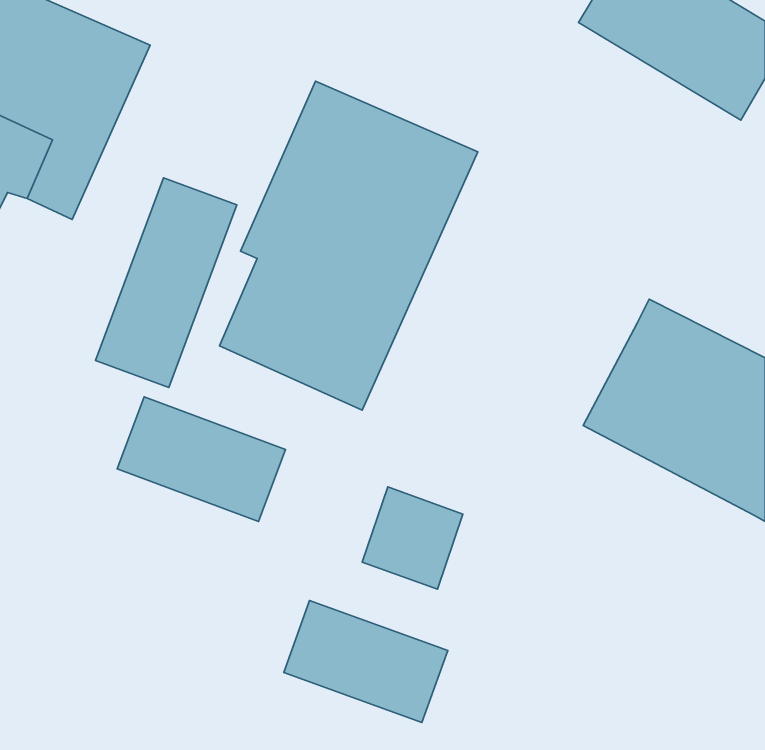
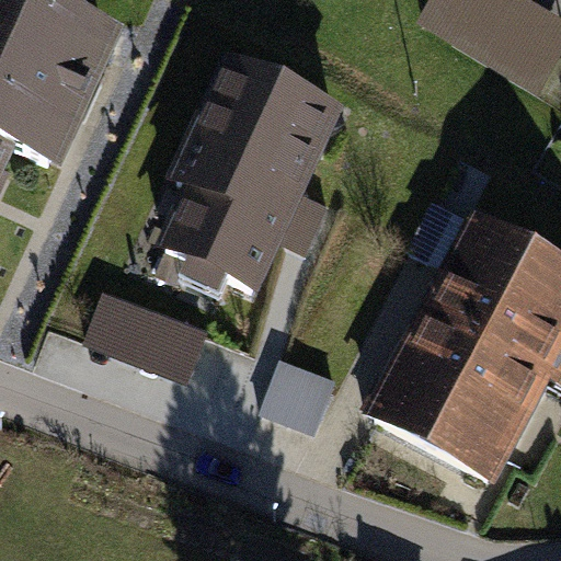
building: [96,178,237,388] -> none
building: none -> [367,310,550,485]
building: [284,601,448,722] -> none

